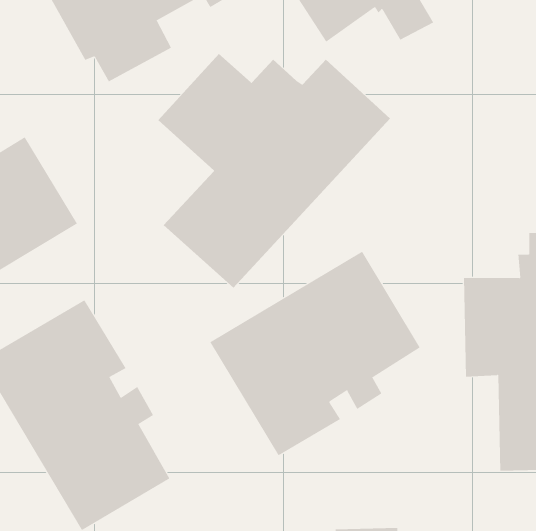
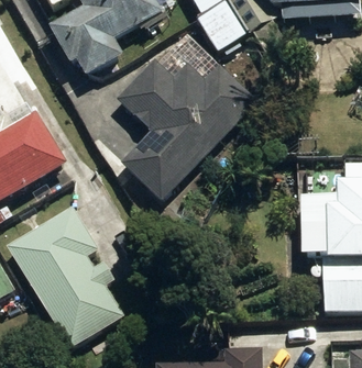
building: [210,251,420,456] -> none

